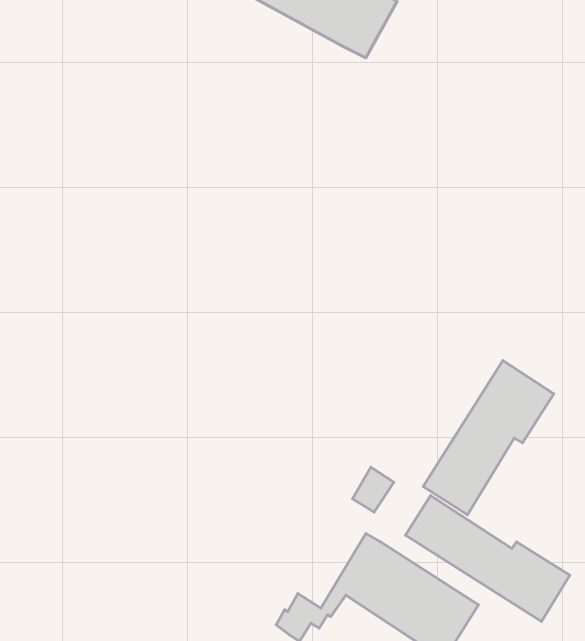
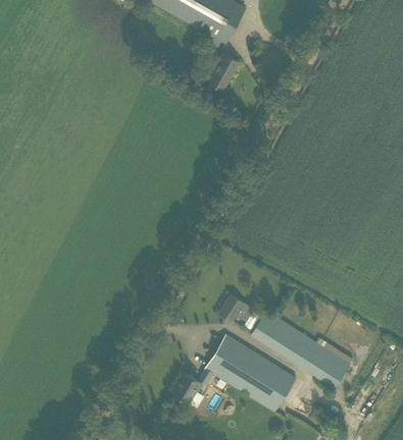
building: none -> [208,52,239,89]
building: [423,360,554,515] -> none

